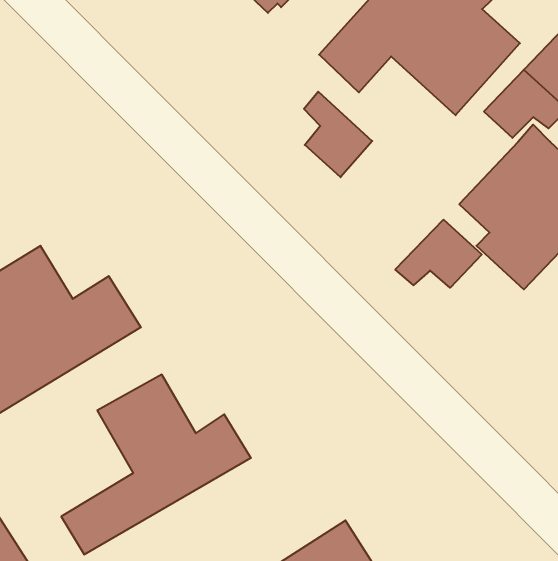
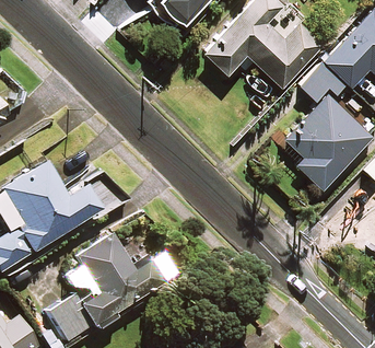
building: [304,92,372,177] -> none
building: [395,220,482,288] -> none

